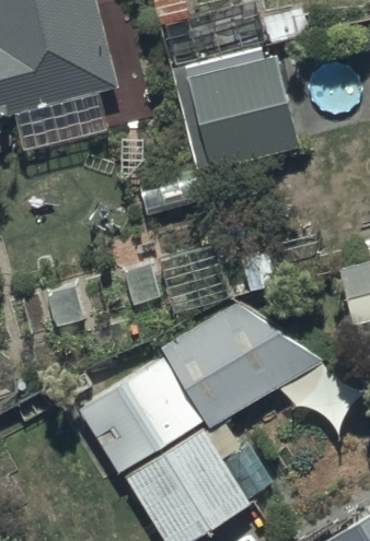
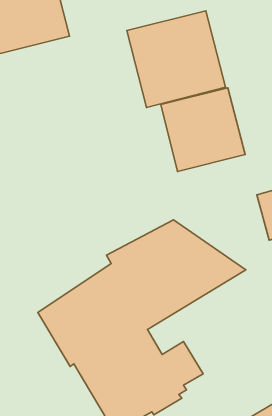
building: none -> [161,88,245,172]

